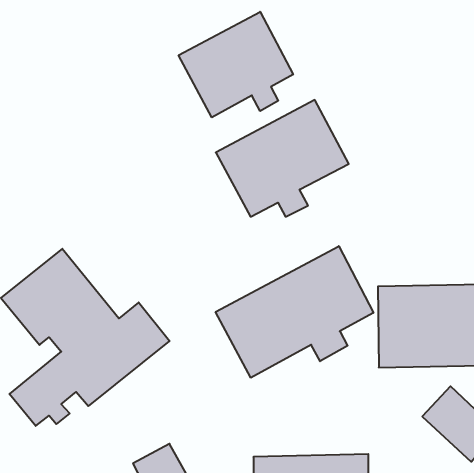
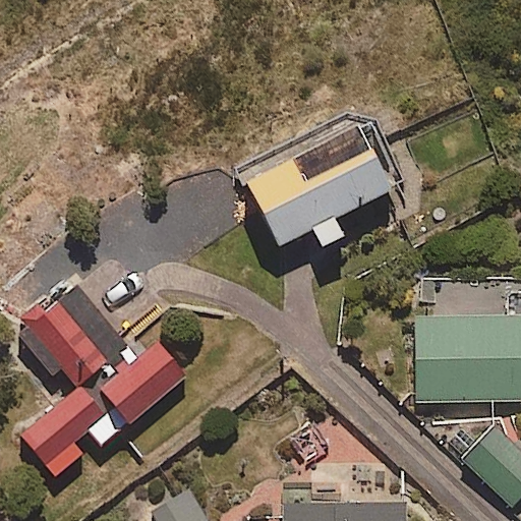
building: [179,12,293,117] -> none
building: [216,246,373,378] -> none

